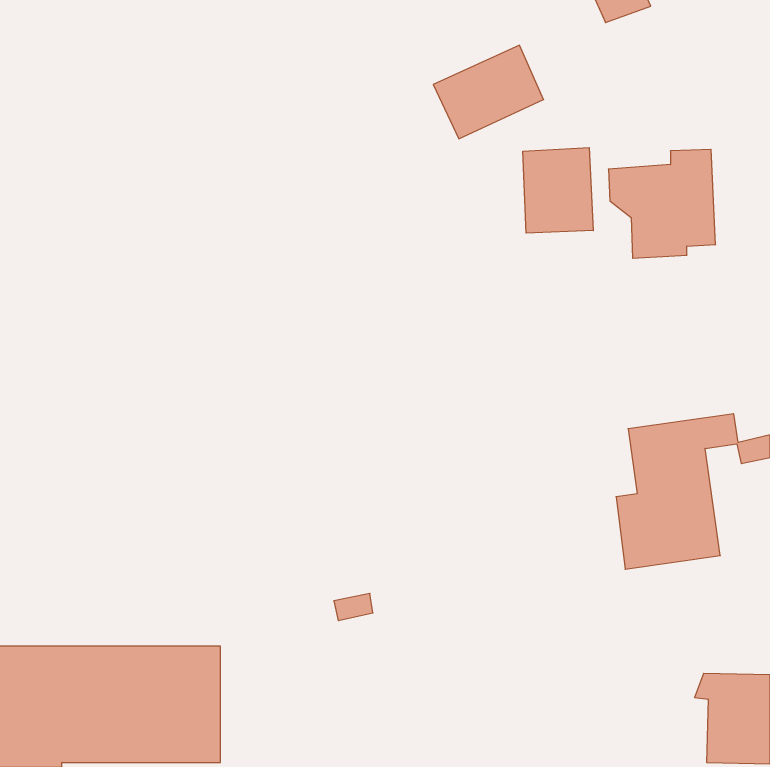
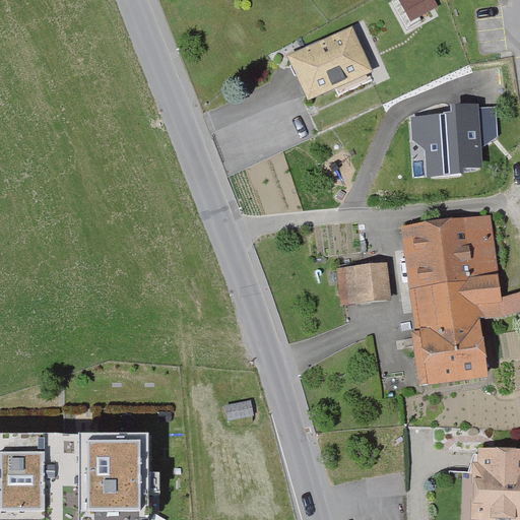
building: [523,148,593,233] -> none
building: none -> [412,218,494,288]
building: none -> [340,264,390,304]

